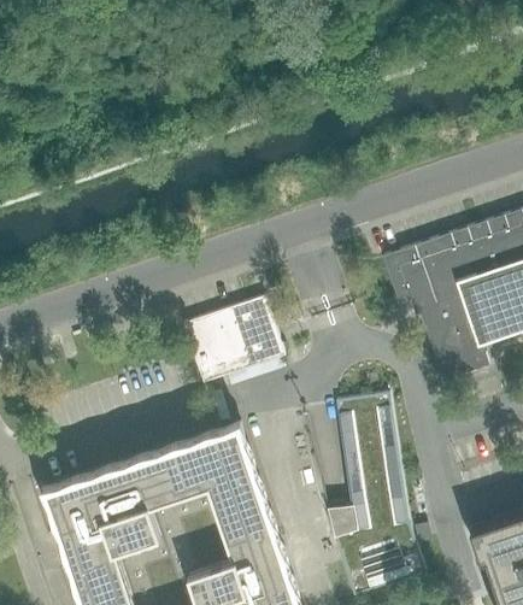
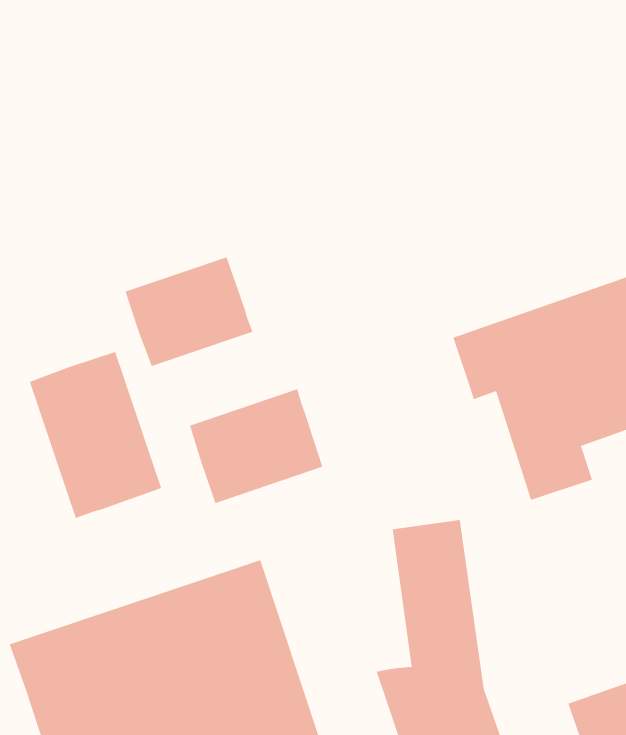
building: none -> [125,257,253,367]
building: none -> [29,351,162,519]

